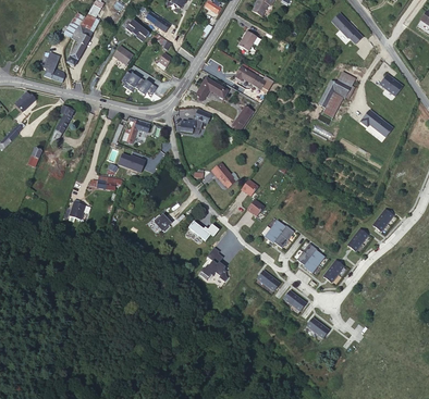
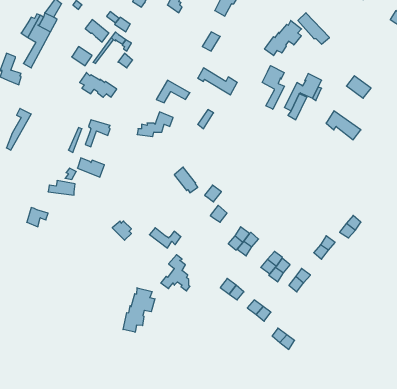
building: none -> [265,20,302,56]
building: none -> [262,66,284,109]
building: none -> [123,288,155,332]

